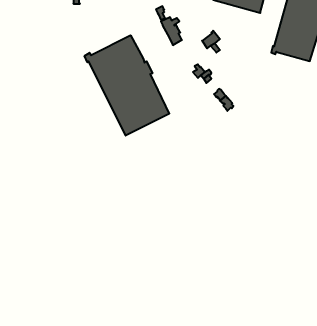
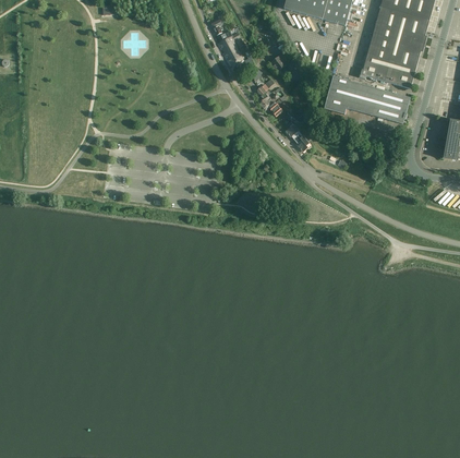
building: [85,35,169,136] -> none
building: none -> [324,76,410,124]

